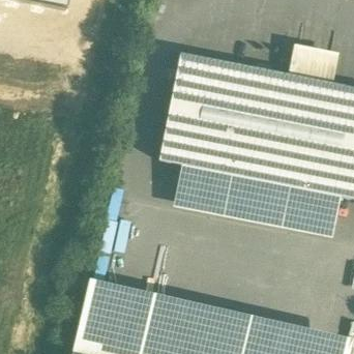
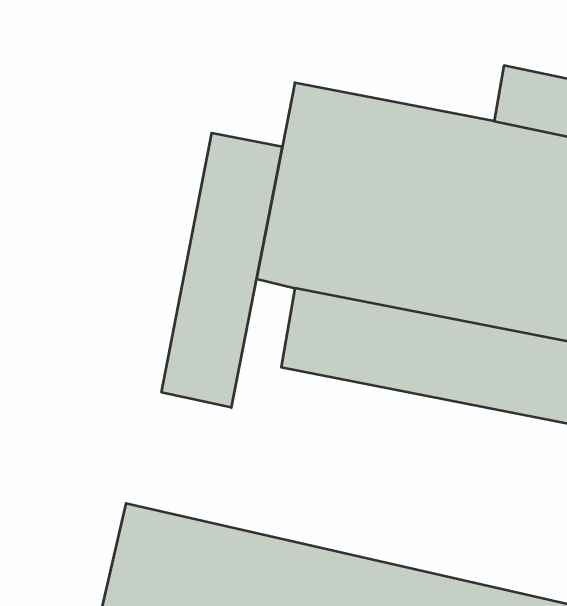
building: none -> [162,133,282,408]

